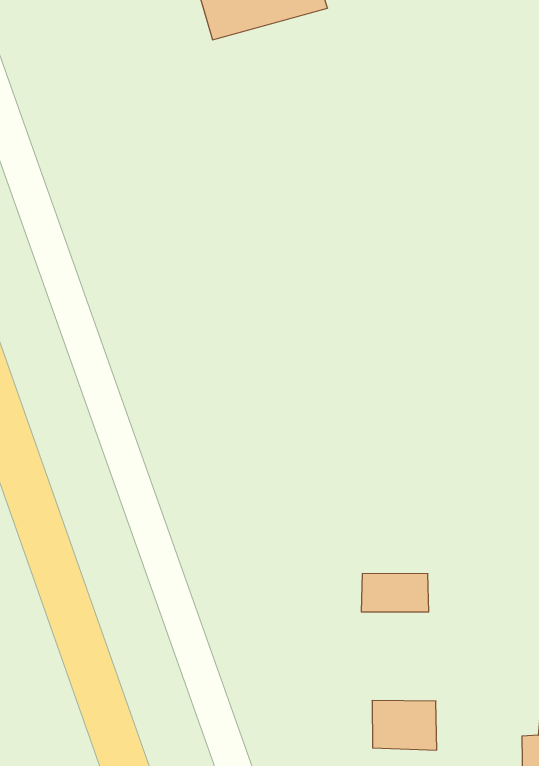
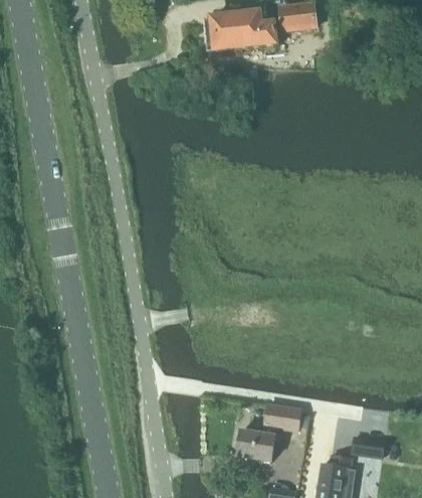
building: [361,574,429,612] -> [261,402,301,430]

